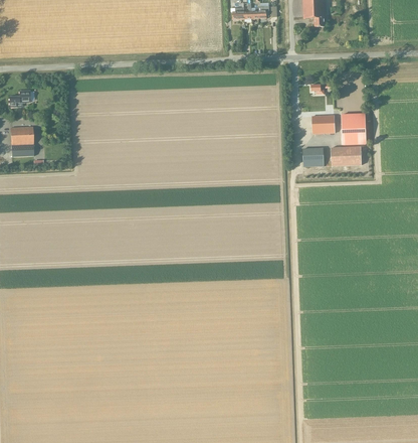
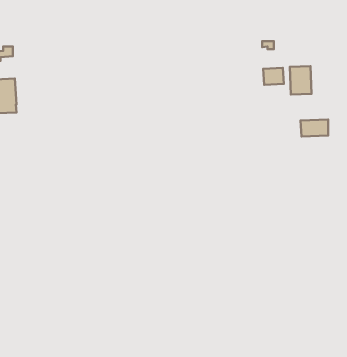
building: [330,146,361,165] -> [301,119,328,136]
building: [302,147,324,166] -> none

